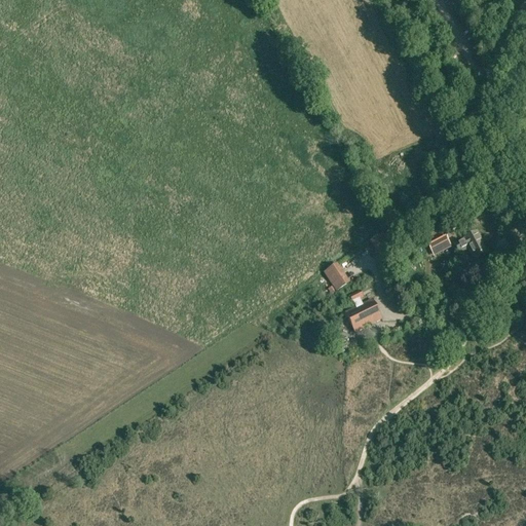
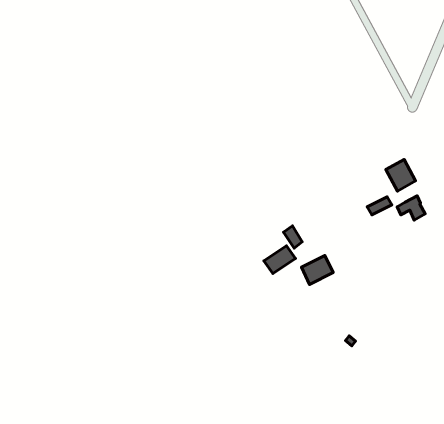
building: none -> [386,159,416,191]
building: none -> [264,246,295,274]

